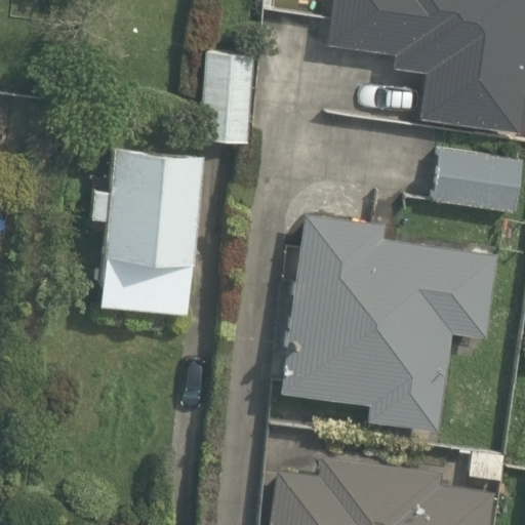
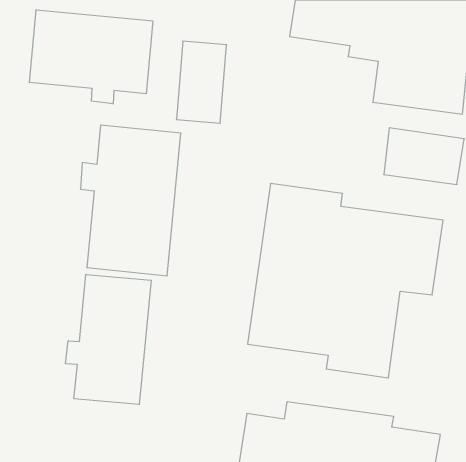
building: none -> [29,10,153,104]
building: none -> [65,274,151,405]

